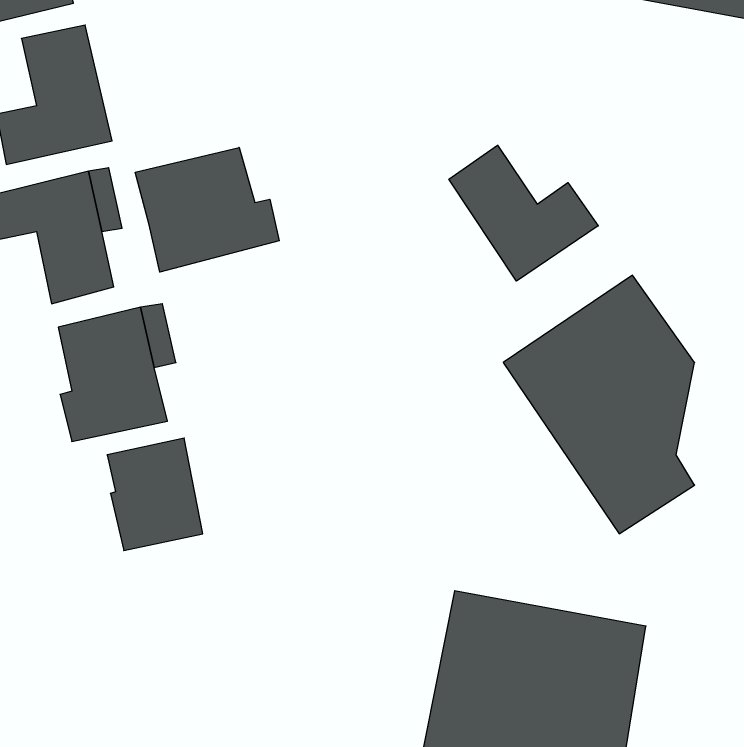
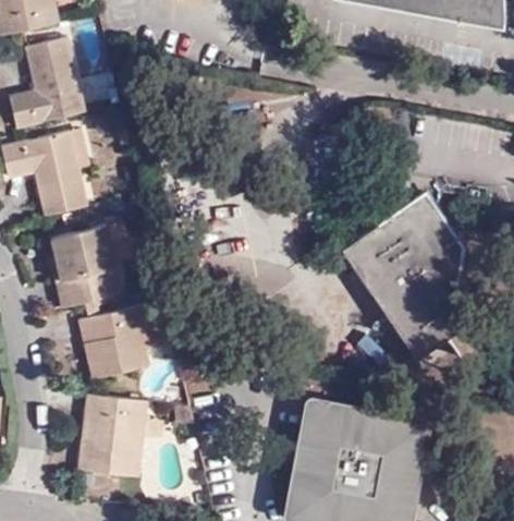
building: [449,145,598,281] -> none
building: [135,147,279,272] -> none
building: none -> [74,395,147,474]

